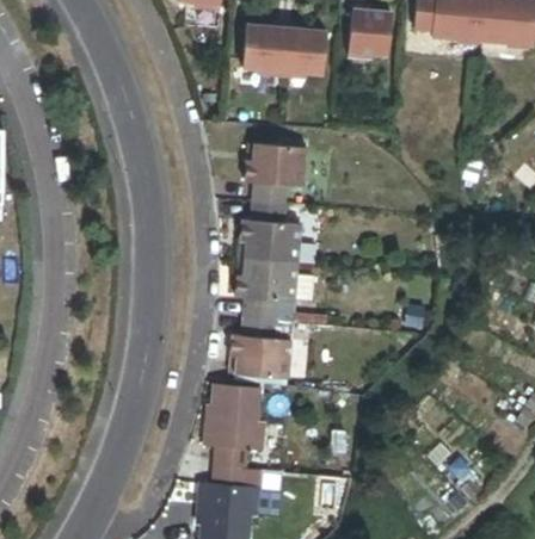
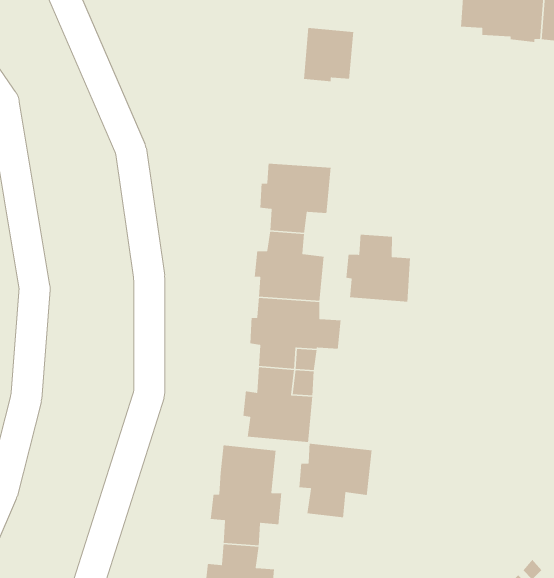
building: [348,12,391,58] -> none
building: [242,26,285,74] -> none
building: none -> [346,234,411,303]
building: none -> [298,443,372,518]

